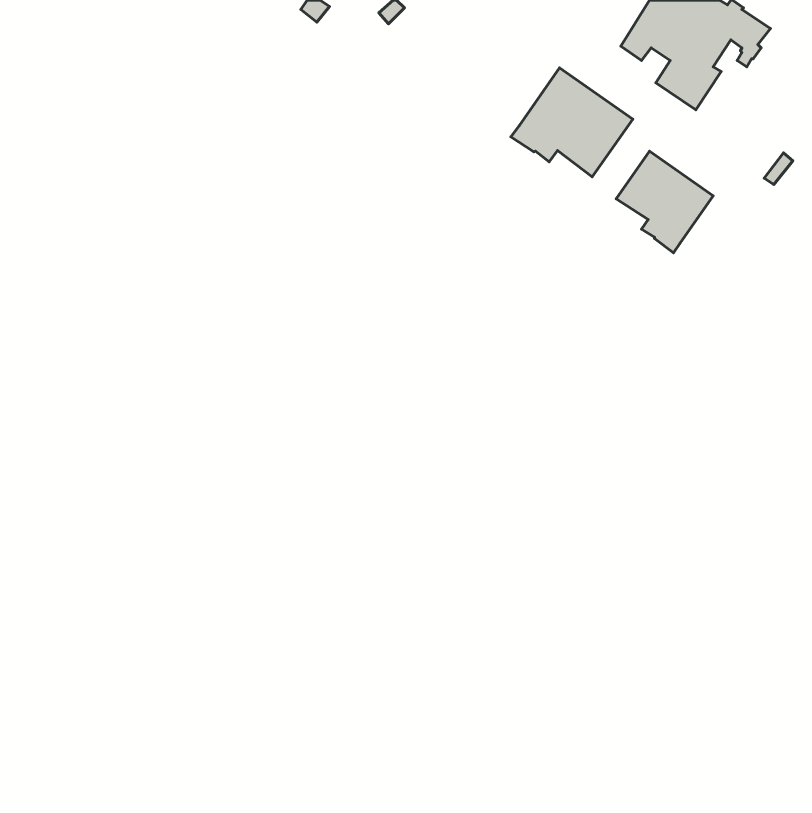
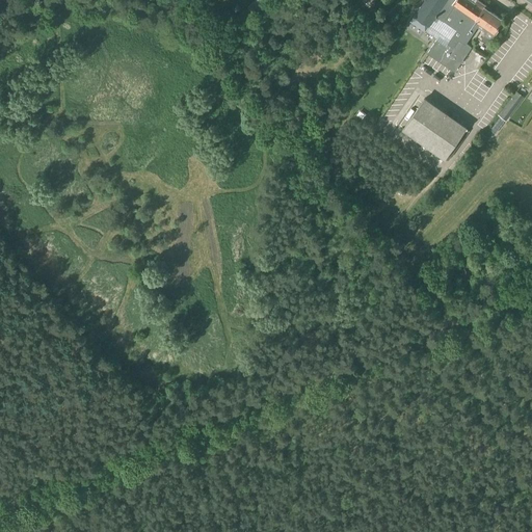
building: [511,68,633,177] -> none

